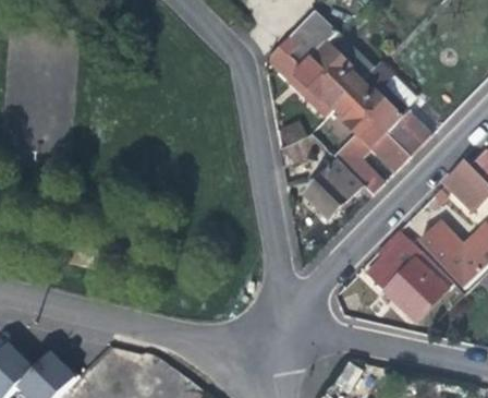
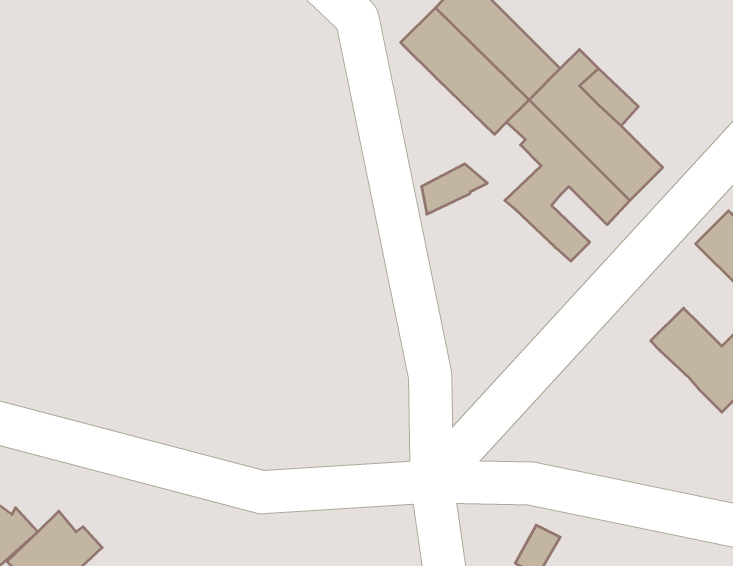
building: [300,160,359,218] -> none
building: [365,230,455,331] -> none

